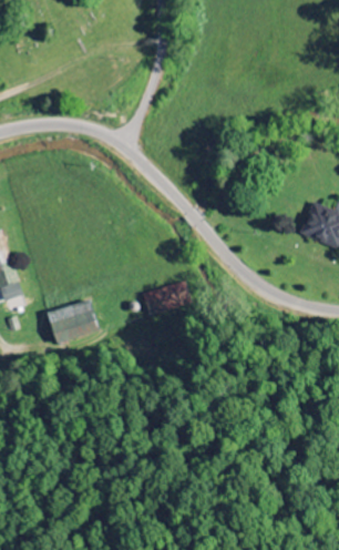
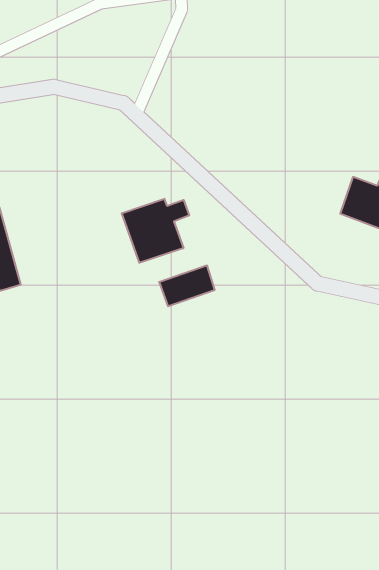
building: none -> [122,199,189,263]
building: [49,299,100,344] -> none

